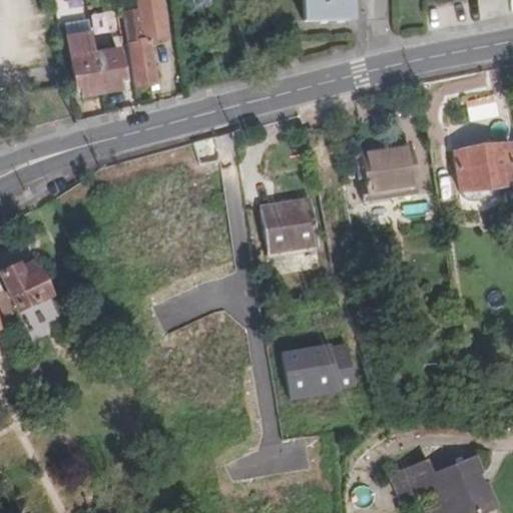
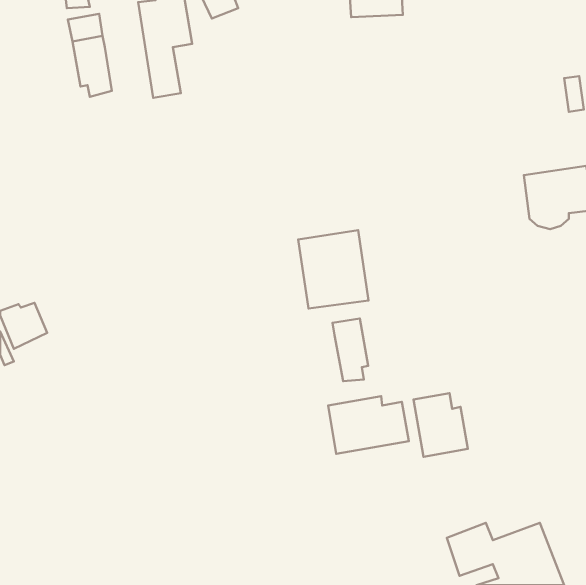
building: [93,37,120,79] -> none
building: [356,145,418,203] -> none
building: none -> [332,318,368,381]
building: none -> [414,393,468,457]

